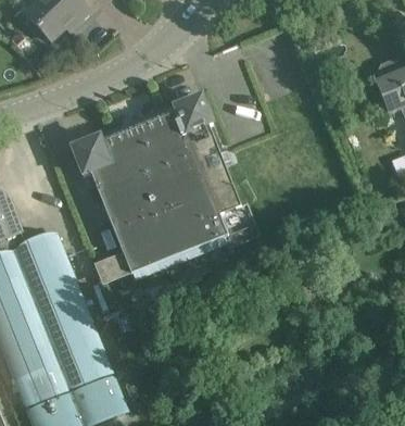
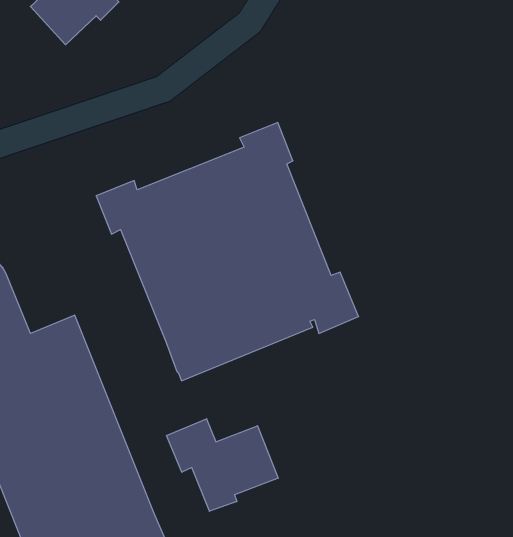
building: none -> [167,419,278,511]

